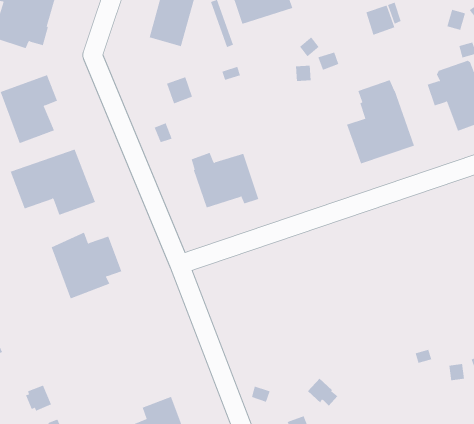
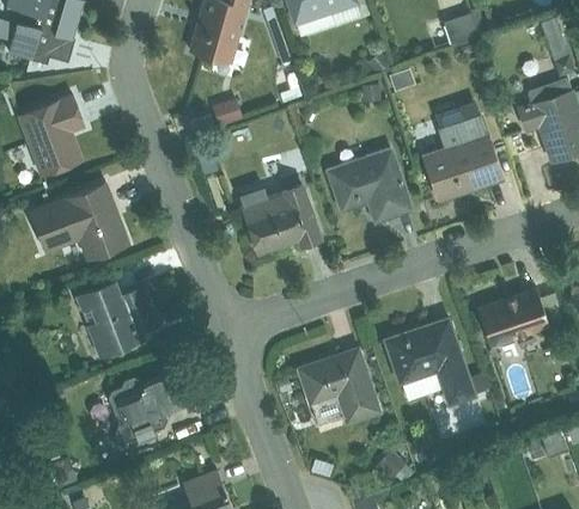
building: none -> [325,148,412,222]
building: none -> [477,289,550,348]
building: none -> [385,319,484,407]
building: none -> [299,350,380,427]
building: none -> [108,370,190,446]

